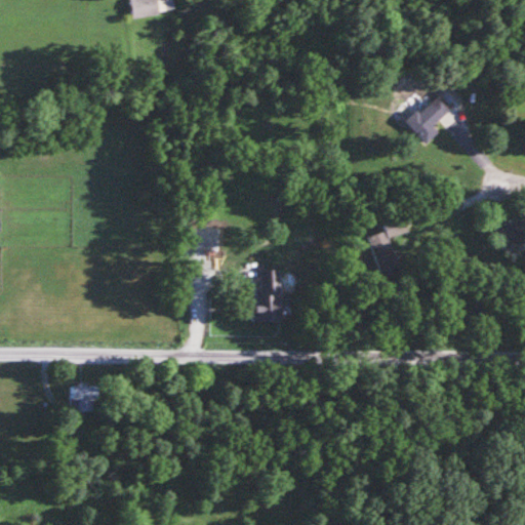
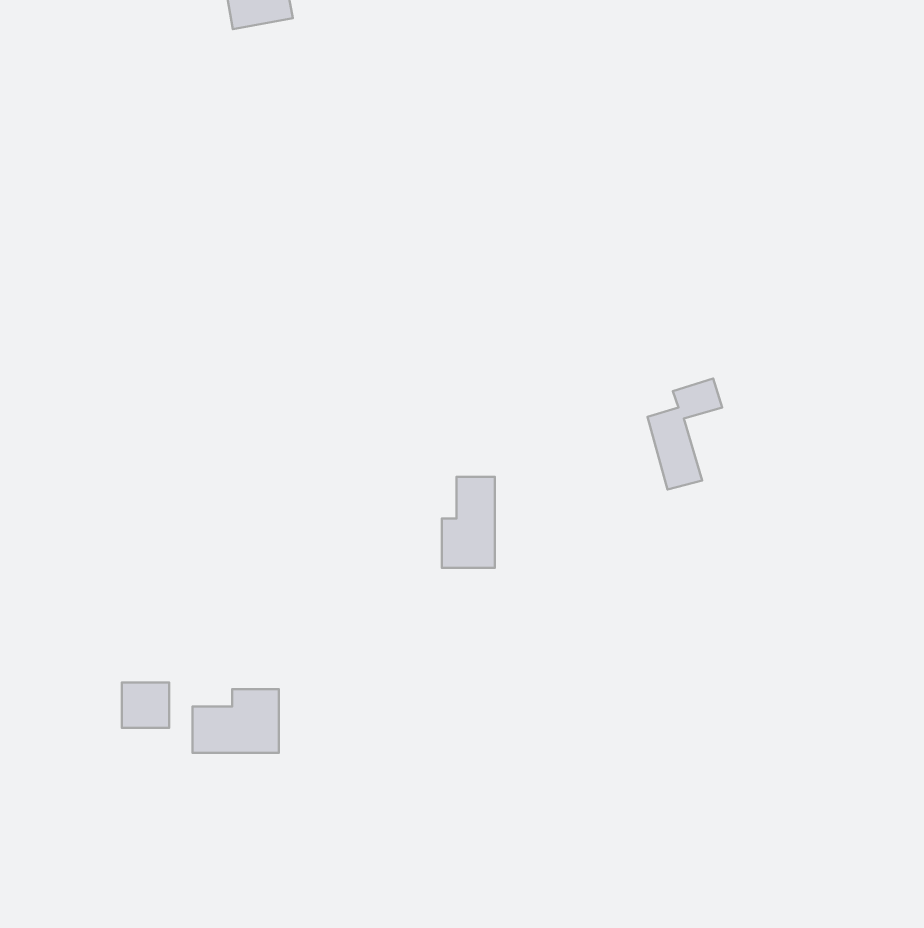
building: [407,91,454,143] -> none
building: none -> [193,689,279,753]

